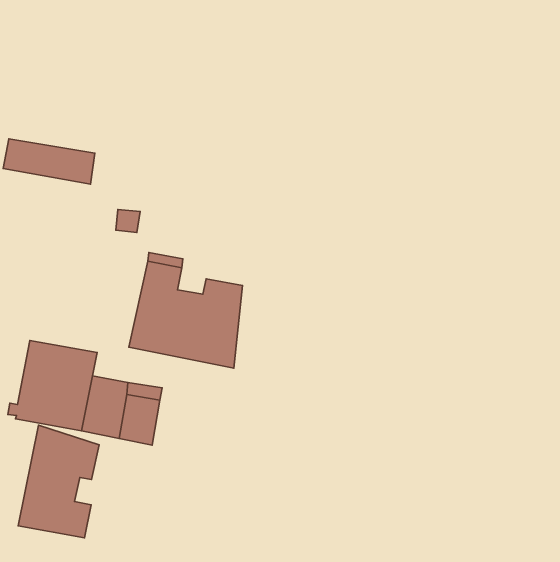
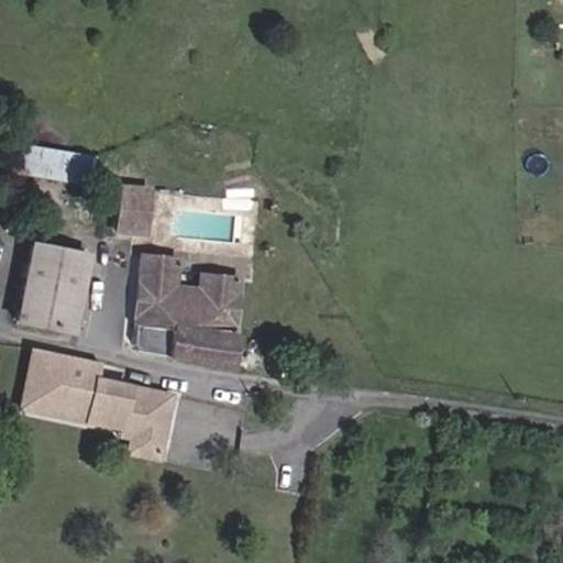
building: none -> [121,186,155,234]
building: none -> [19,247,80,335]
building: [18,425,99,538] -> none

